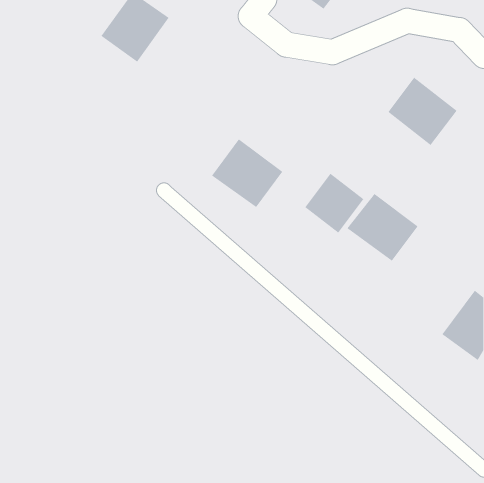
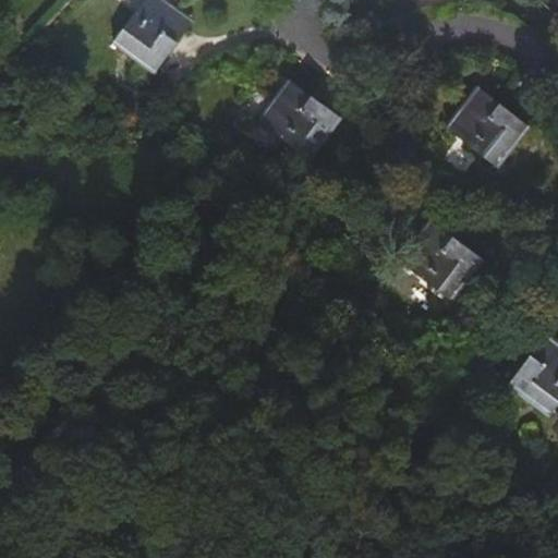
building: [211,139,283,208] -> [258,80,341,159]
building: [305,173,364,233] -> none

